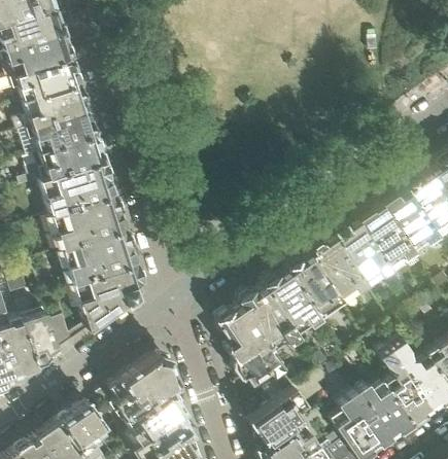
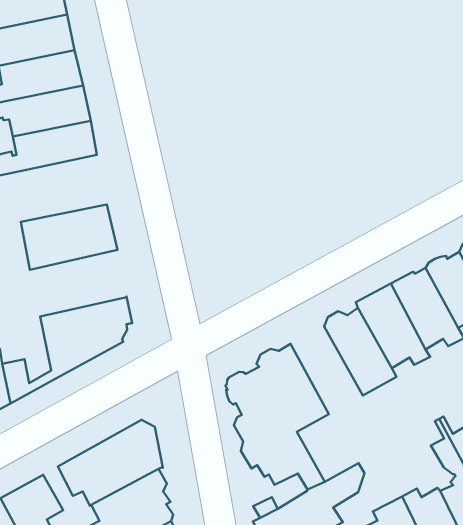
building: [42,161,117,216] -> none
building: [63,230,138,288] -> none
building: [265,271,322,336] -> none

